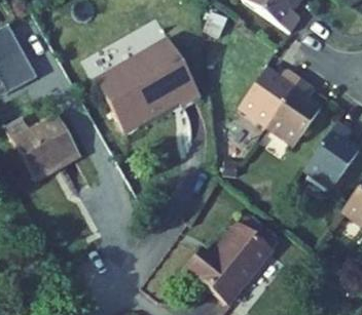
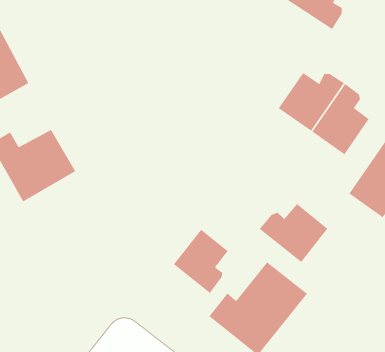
building: [94,38,200,133] -> none
building: none -> [259,203,328,263]
building: none -> [173,229,228,294]

